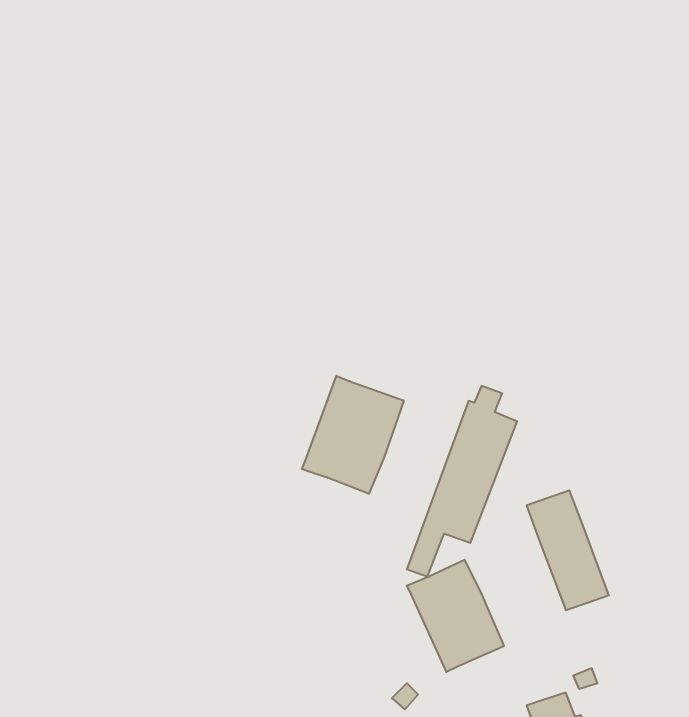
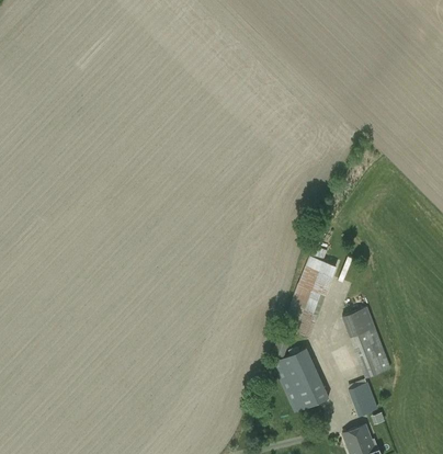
building: [302,376,404,494] -> none
building: none -> [348,382,378,416]

